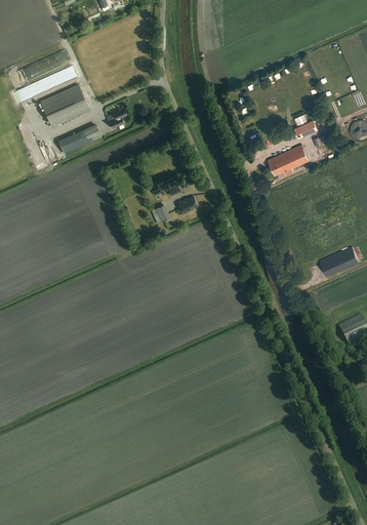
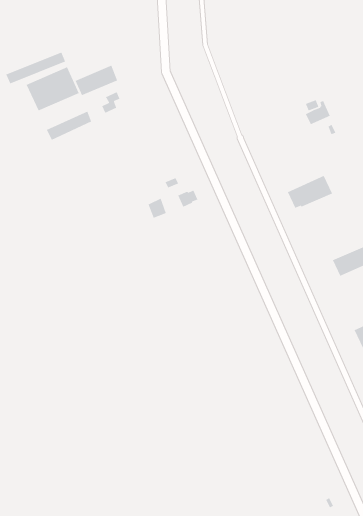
building: none -> [74,64,118,96]
building: [268,145,310,175] -> [287,175,333,209]

